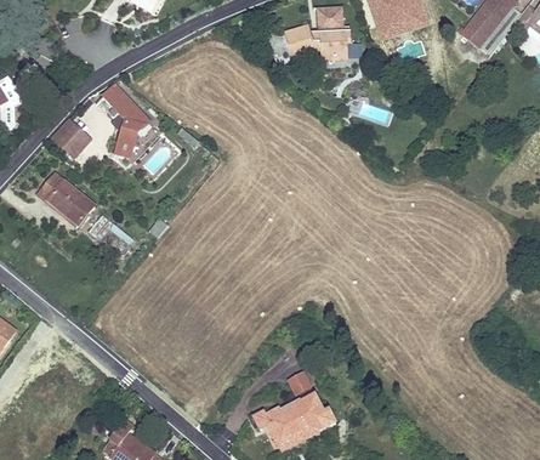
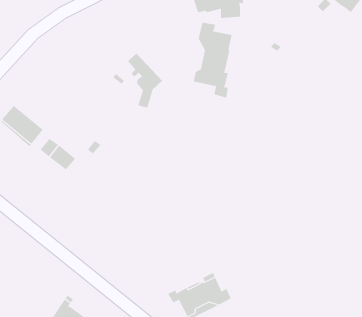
building: none -> [193,22,232,99]
building: [102,84,148,155] -> [127,53,163,108]
building: [51,118,90,157] -> none

